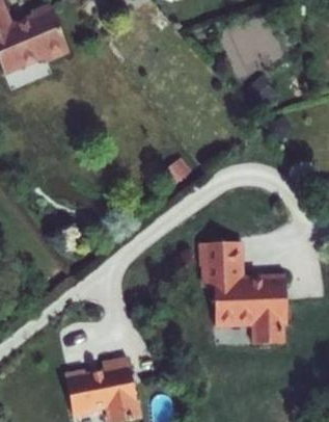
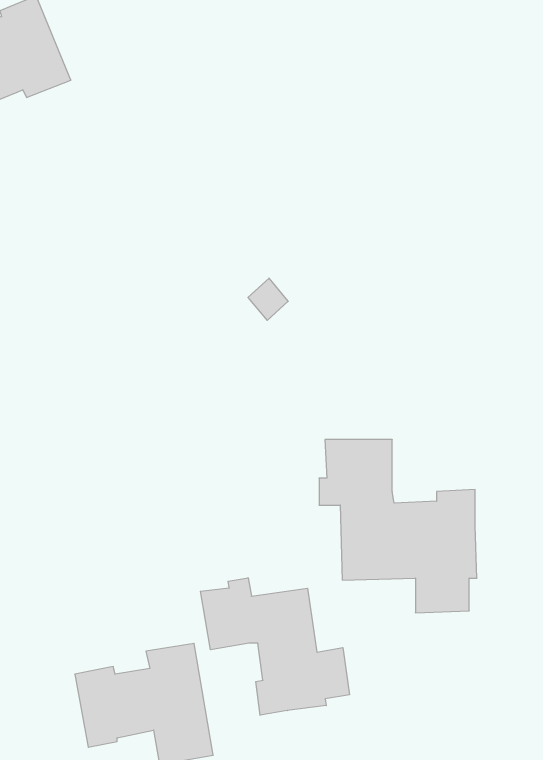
building: none -> [200,578,349,715]

